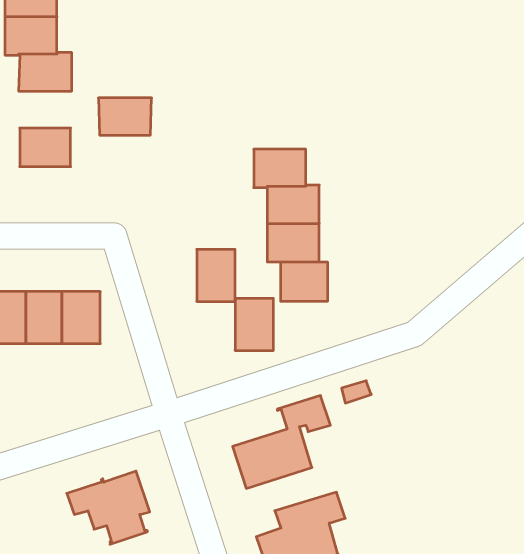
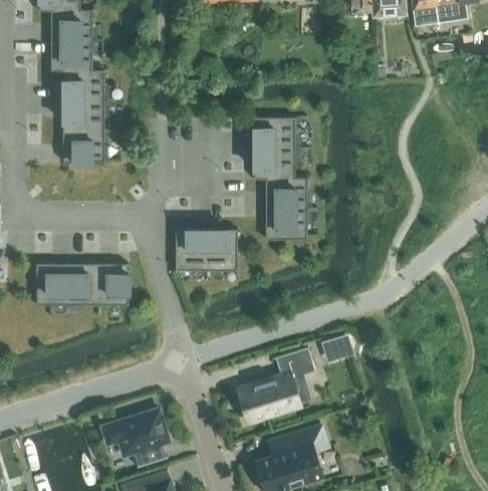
building: [98,98,152,135] -> [62,99,105,130]
building: none -> [253,115,295,147]
building: [281,262,327,301] -> none
building: [235,298,273,350] -> [176,228,207,270]

